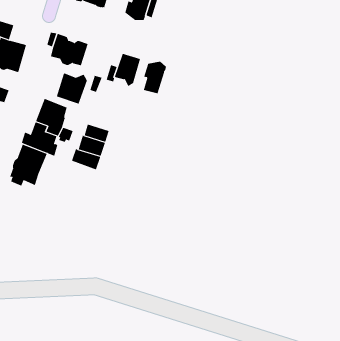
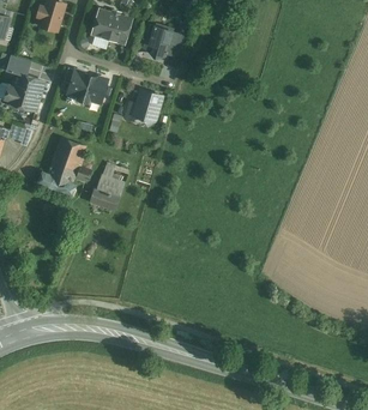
building: [143,61,167,94] -> none
building: [56,72,88,104] -> none
building: [10,144,47,186] -> none

